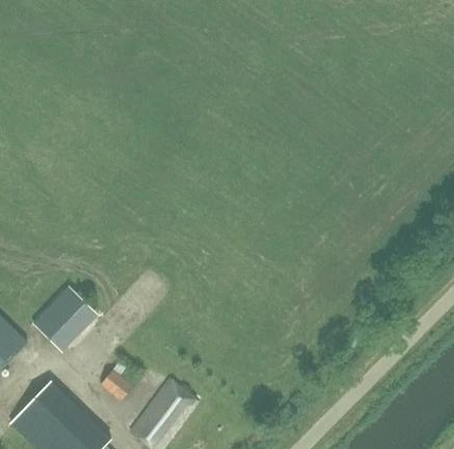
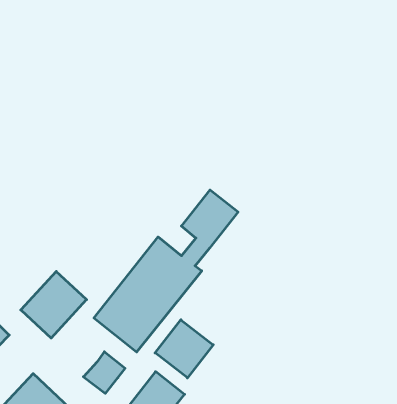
building: none -> [94,190,238,352]
building: none -> [155,320,213,378]

